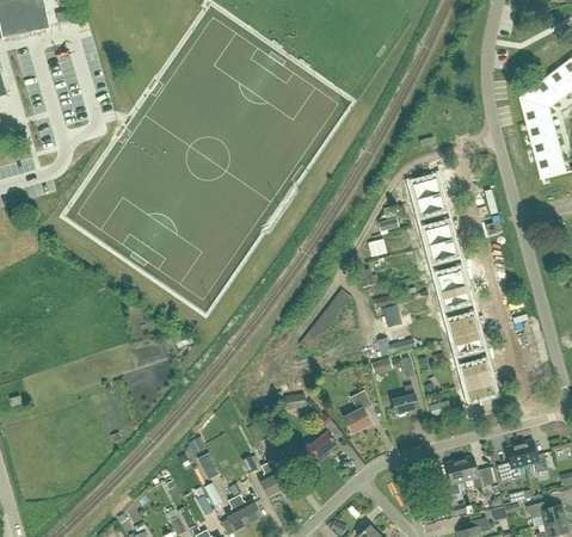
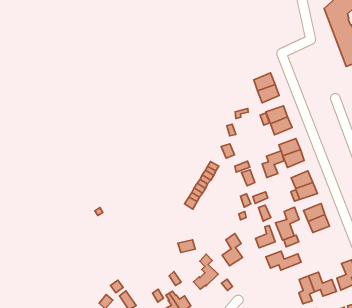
building: none -> [262,151,284,177]
building: none -> [276,207,299,240]
building: none -> [266,251,301,270]

